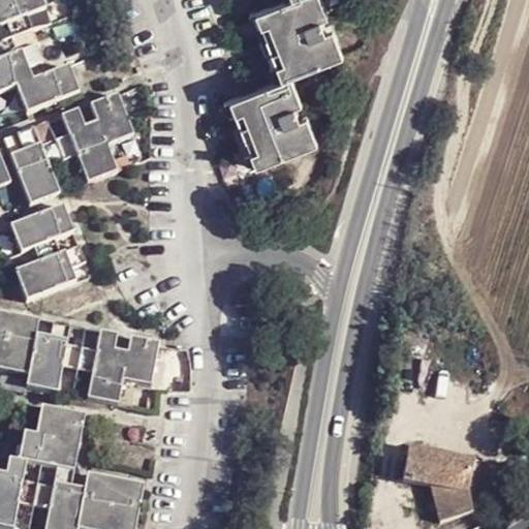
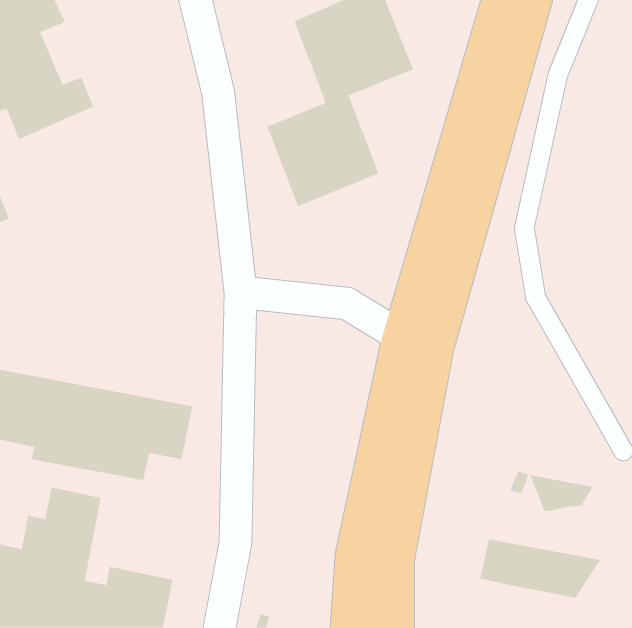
building: [4,93,131,205] -> none
building: [7,205,85,302] -> none
building: [427,489,480,520] -> [529,474,594,512]

